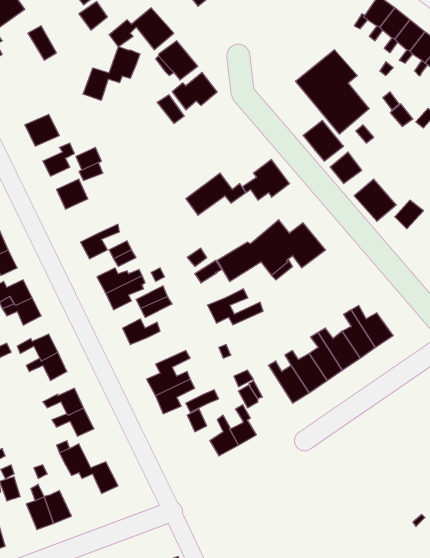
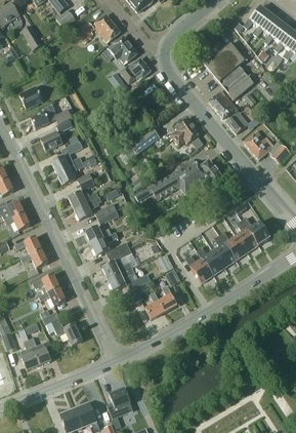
building: [83,46,140,100] -> none
building: none -> [51,141,82,173]
building: [207,289,263,325] -> [90,232,128,257]

